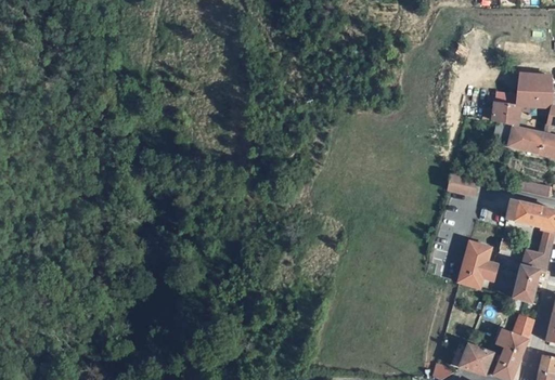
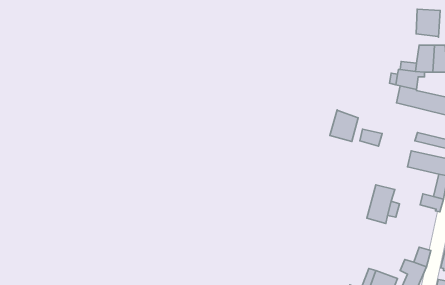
building: none -> [416,9,440,37]
building: none -> [330,110,358,141]
building: [512,265,540,303] -> none

